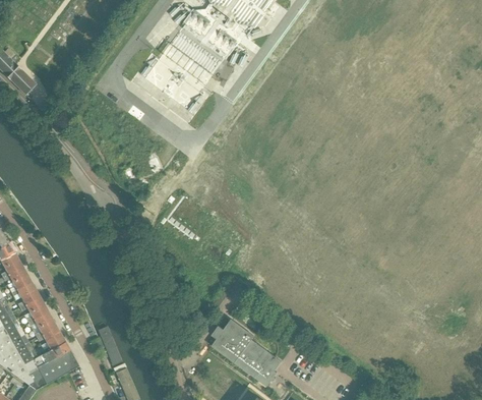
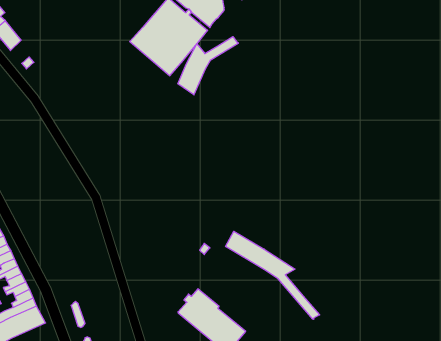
building: none -> [178,37,238,95]
building: none -> [226,231,320,319]

